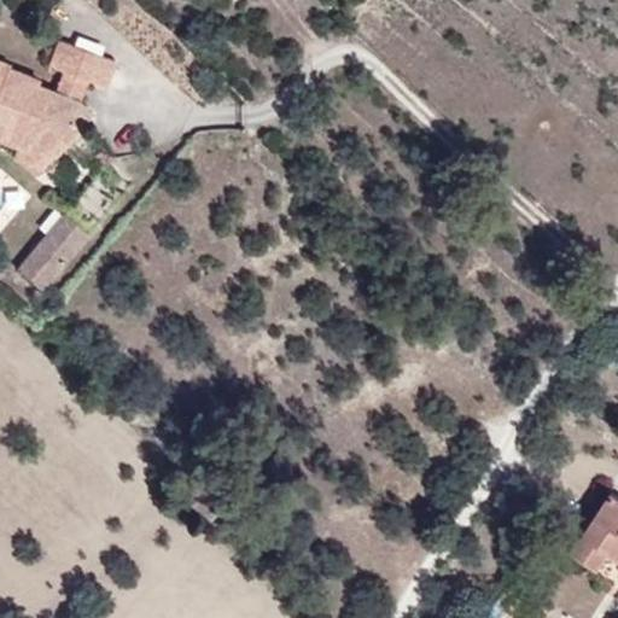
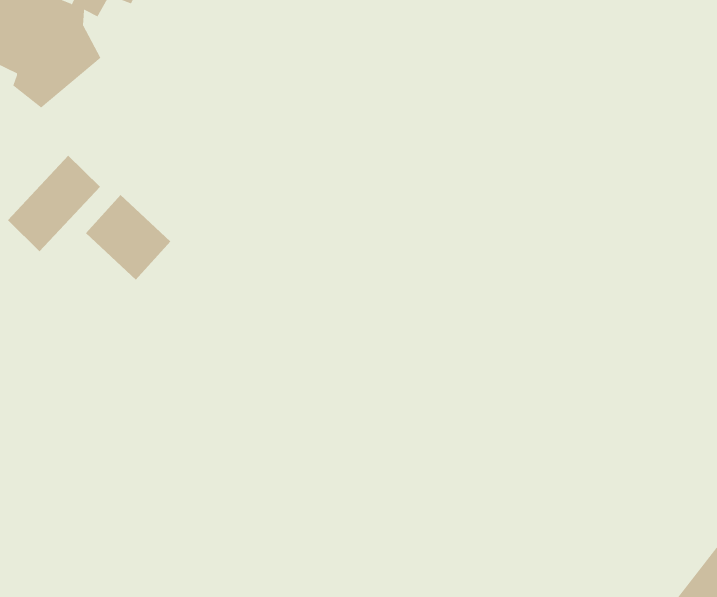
building: none -> [85,194,171,281]

